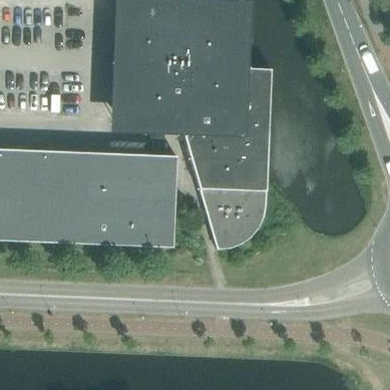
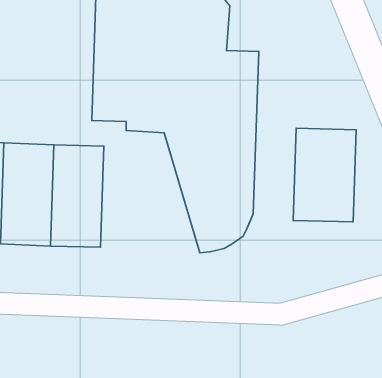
building: none -> [293,128,356,222]
building: [127,152,176,246] -> none

